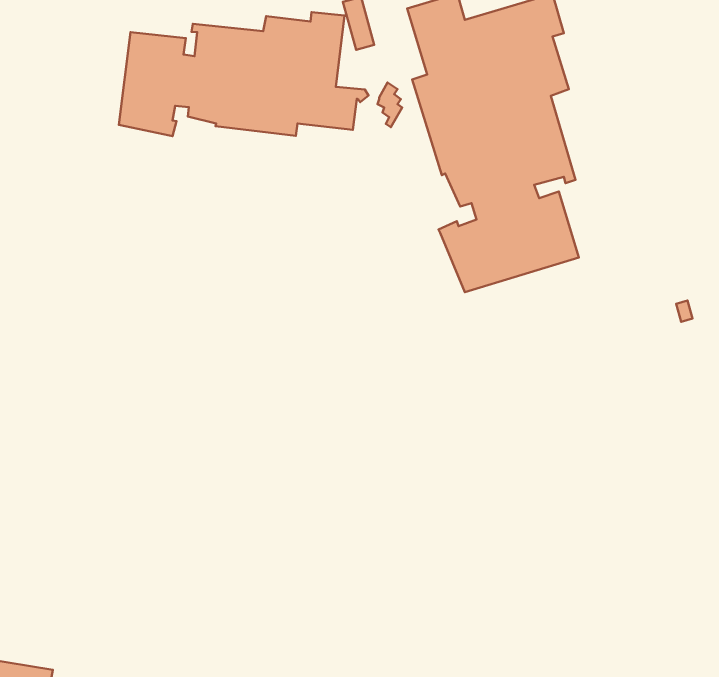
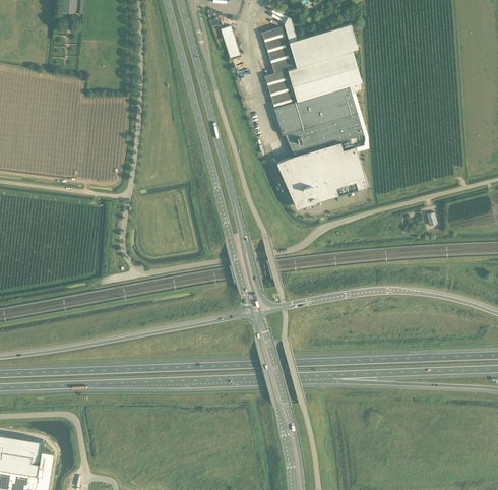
building: [119,12,368,136] -> none

